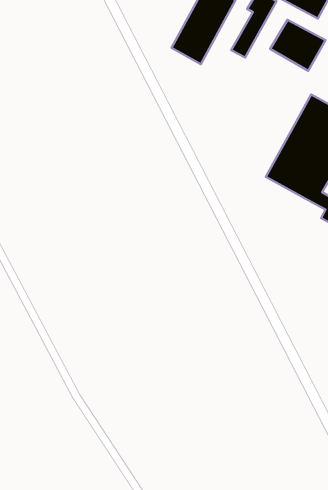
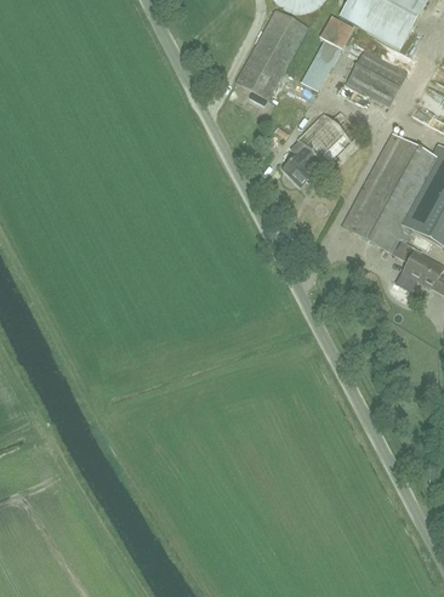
building: none -> [281,112,360,186]

